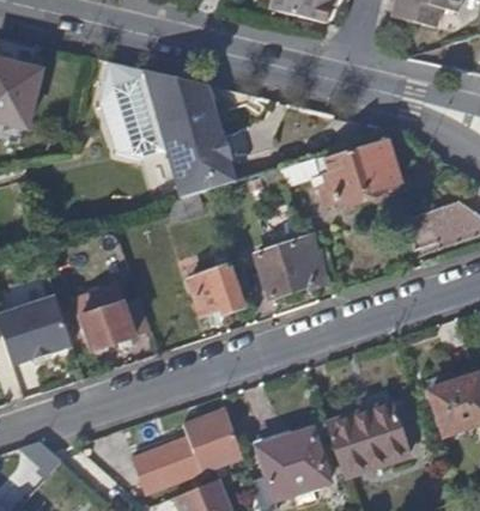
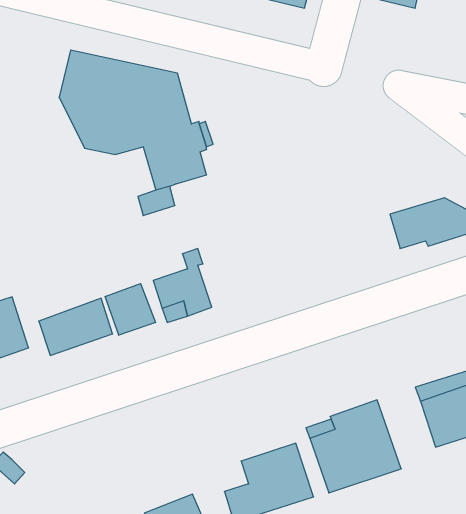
building: [274,140,395,212] -> none
building: [253,236,327,298] -> none
building: none -> [105,284,155,335]
building: [138,406,245,493] -> none

